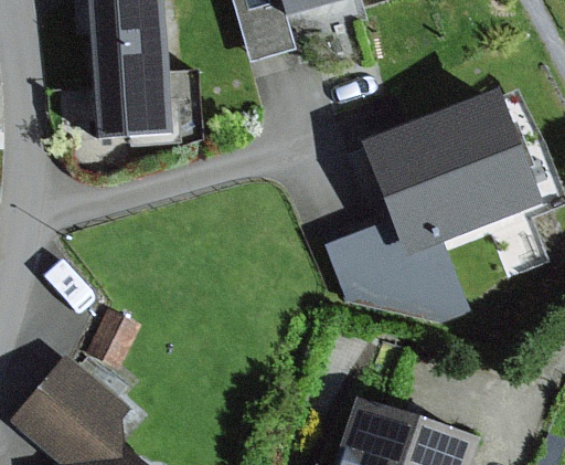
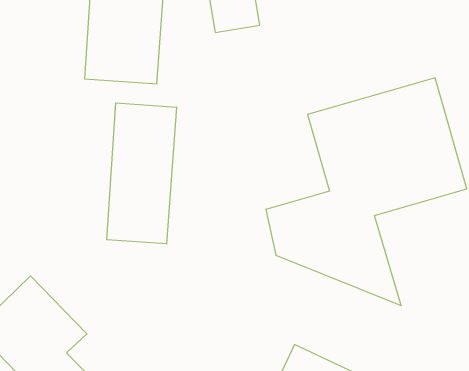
building: none -> [107,103,176,244]

